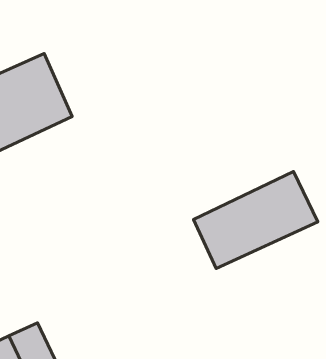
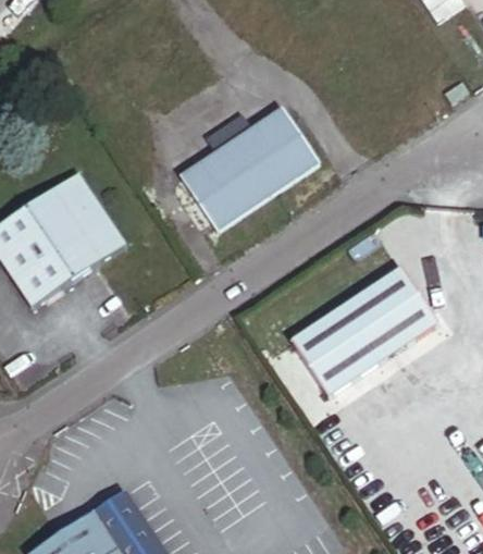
building: none -> [174,109,315,236]

